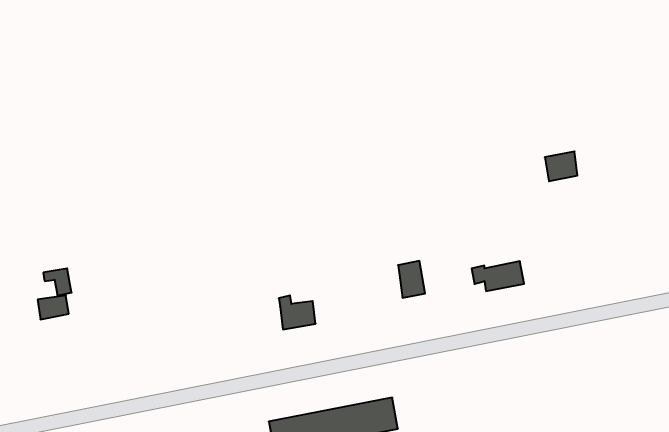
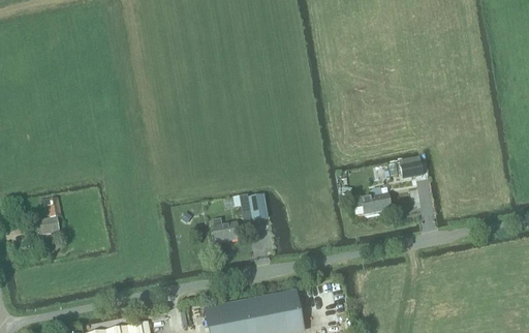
building: [545,151,577,181] -> [399,156,423,178]
building: [398,261,425,298] -> [248,192,268,219]

